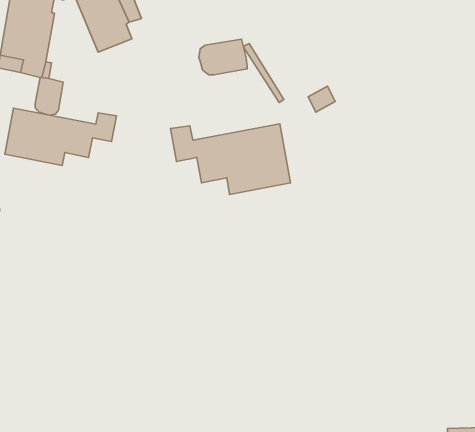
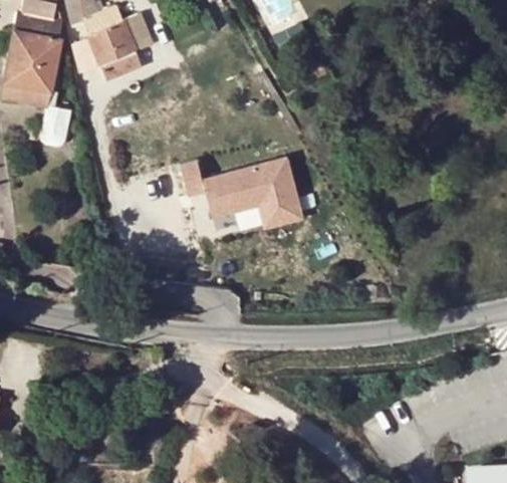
building: [199,39,247,75] -> none
building: [5,108,116,165] -> none

